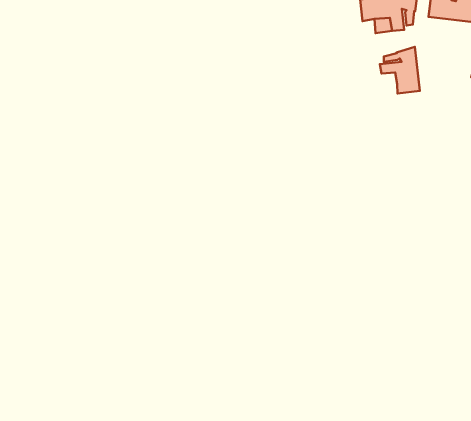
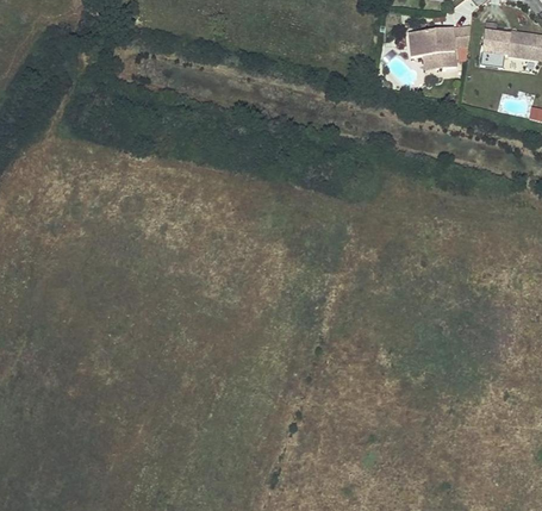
building: [380,47,420,94] -> none

